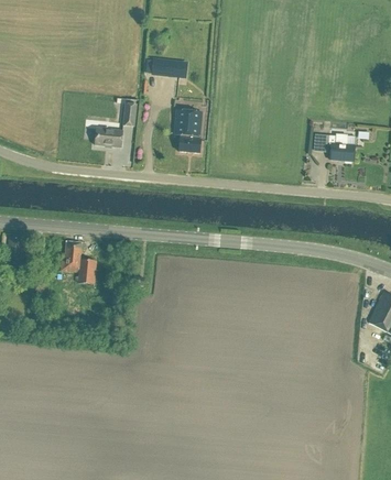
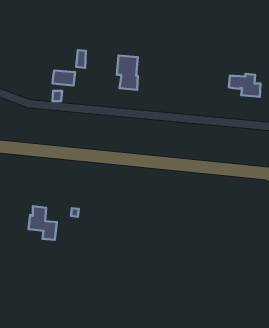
building: [61,240,96,282] -> [28,206,57,240]

